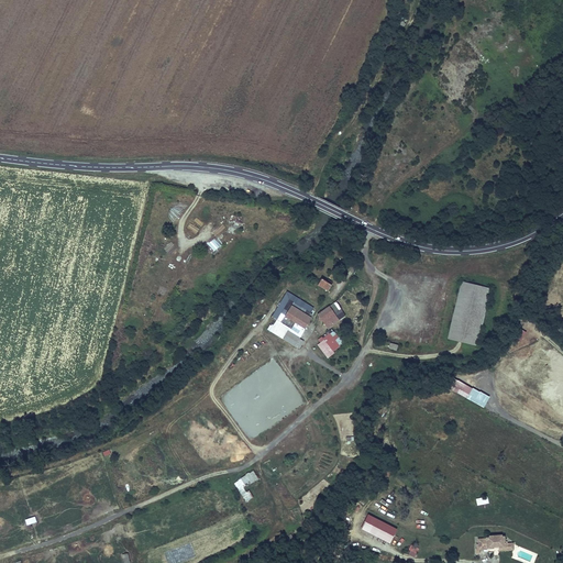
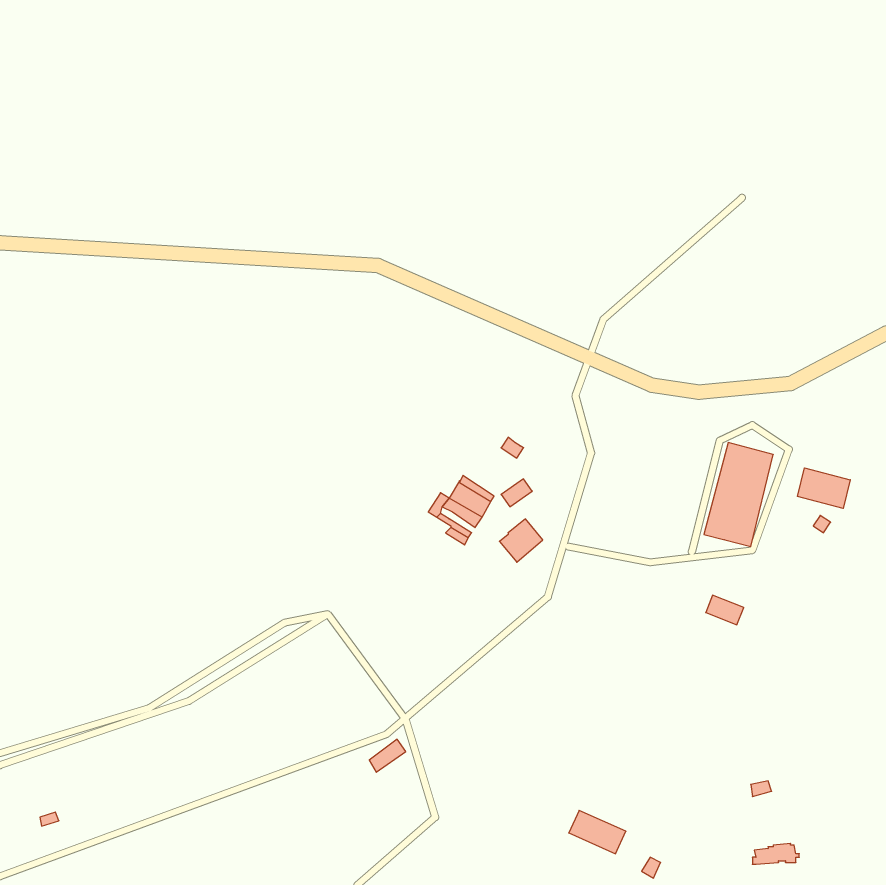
building: none -> [797,468,850,508]

